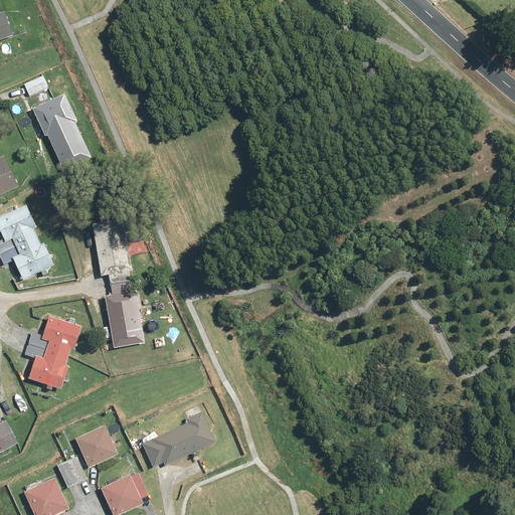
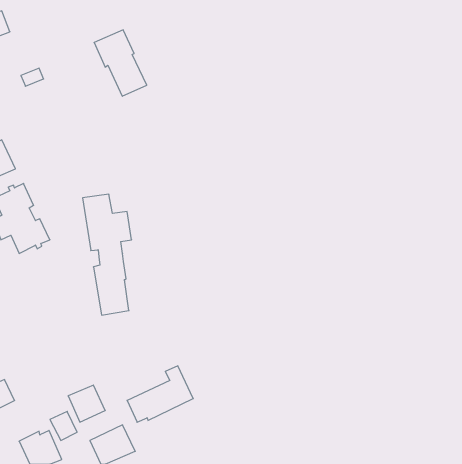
building: [31,96,90,169] -> [94,30,147,96]
building: [23,316,81,390] -> none

